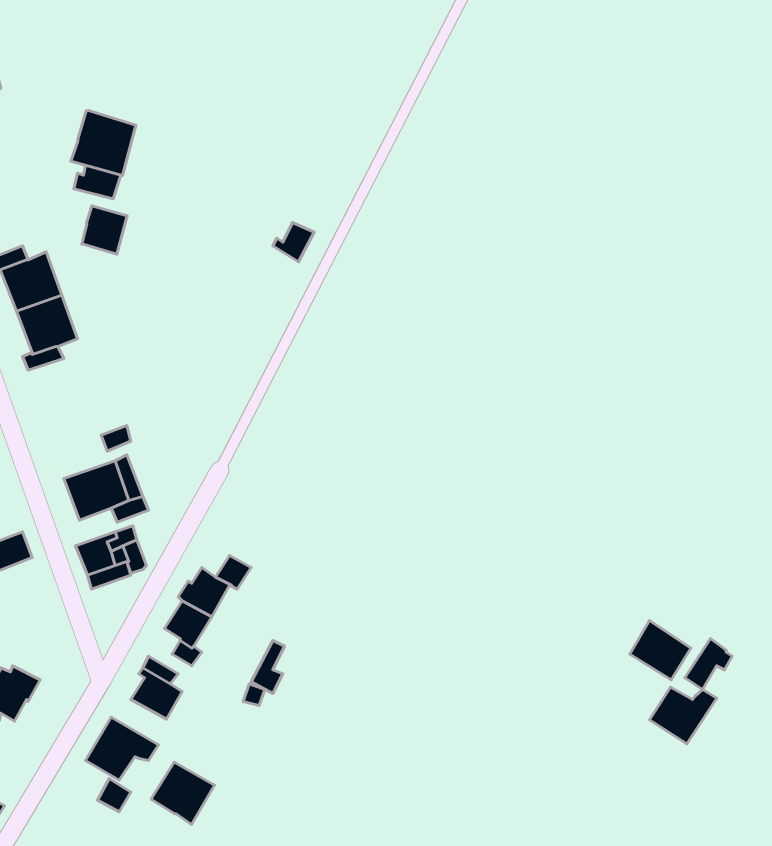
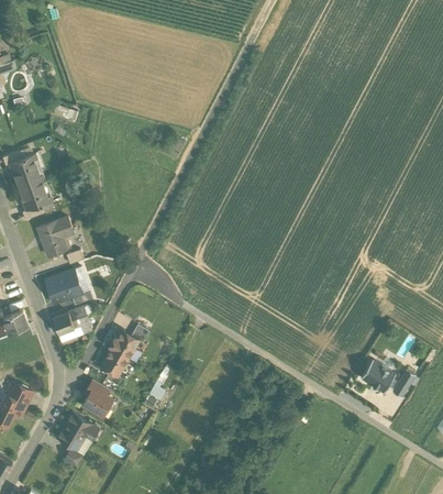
building: [71,111,136,175] -> none
building: [82,206,127,254] -> none
building: none -> [36,217,71,255]
building: [649,687,717,744] -> none
building: [151,762,215,825] -> none

